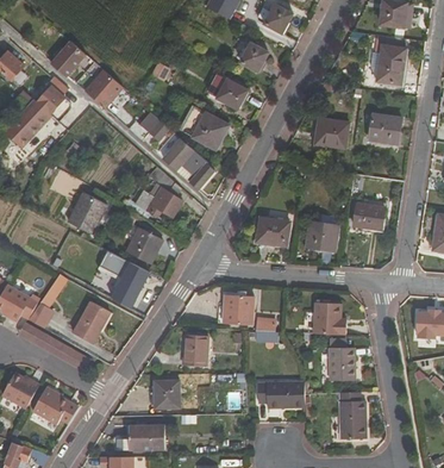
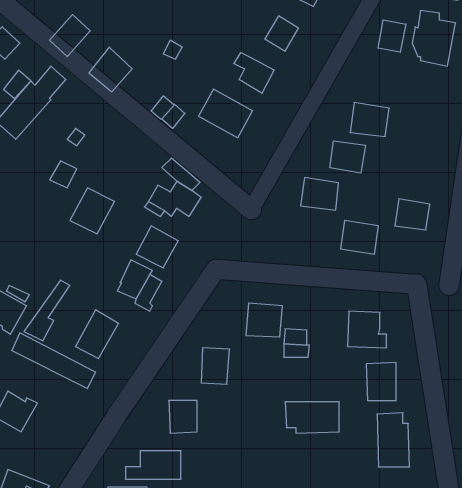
building: none -> [378,20,406,52]
building: [368,113,401,144] -> none
building: [162,138,215,191] -> none
building: none -> [330,141,365,173]
building: [256,217,289,245] -> [301,178,338,210]
building: [33,385,79,424] -> none

